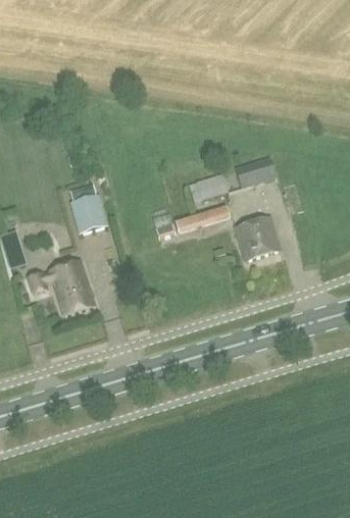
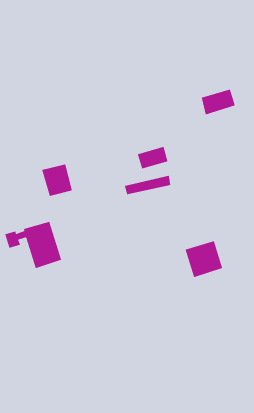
building: [235,156,276,188] -> [201,88,236,116]
building: [234,216,279,260] -> [185,240,223,278]

